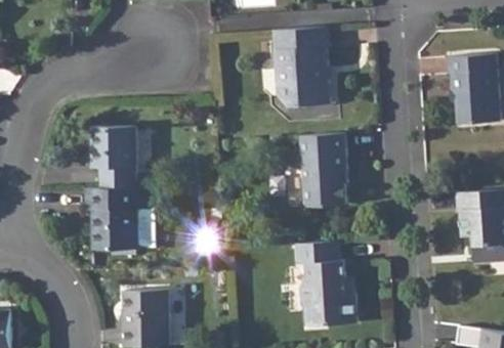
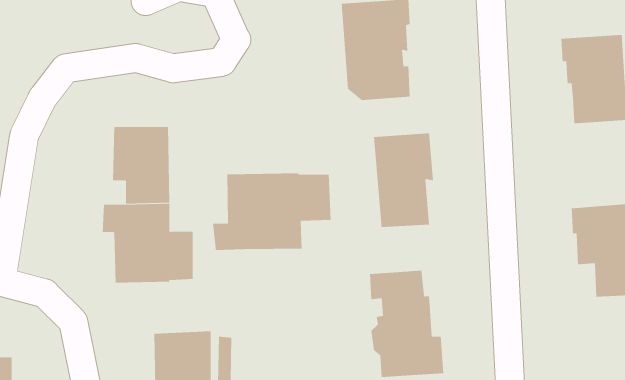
building: none -> [212,173,331,251]

